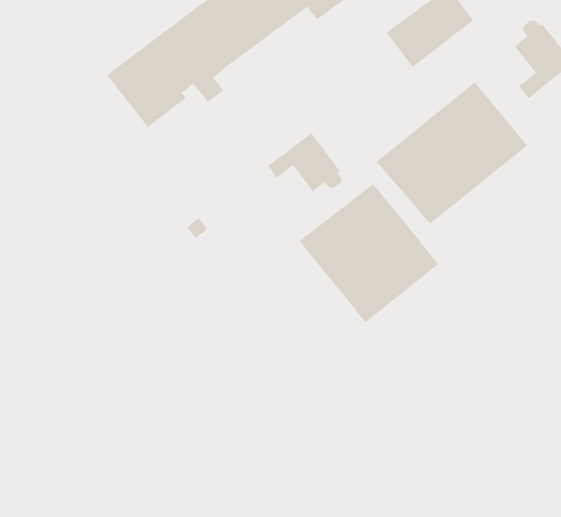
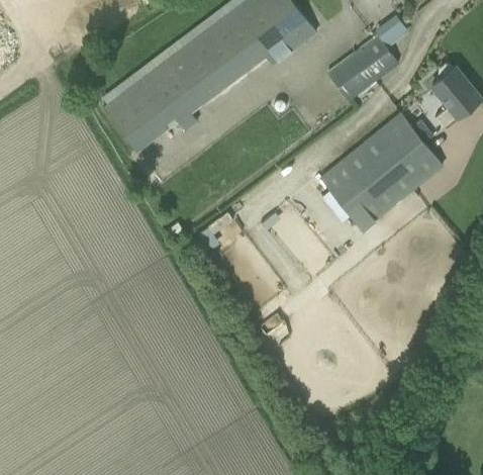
building: [267,132,342,192] -> none
building: [299,183,439,323] -> none

